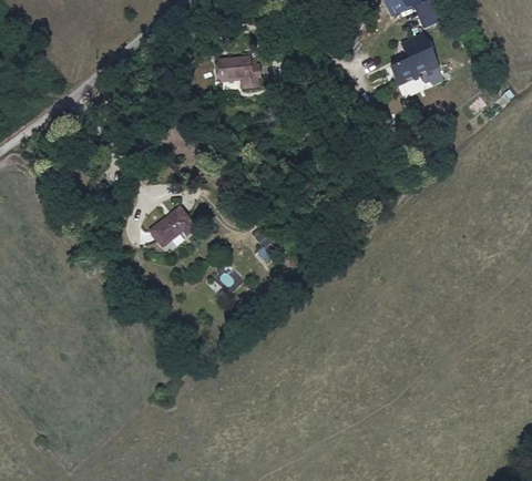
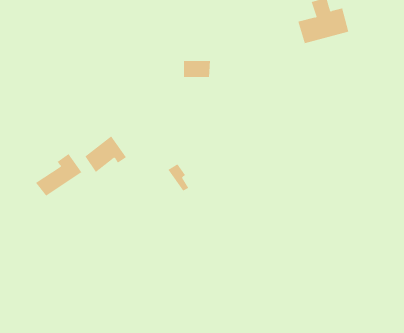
building: [223,59,254,80] -> [183,60,211,77]
building: none -> [35,153,82,196]

